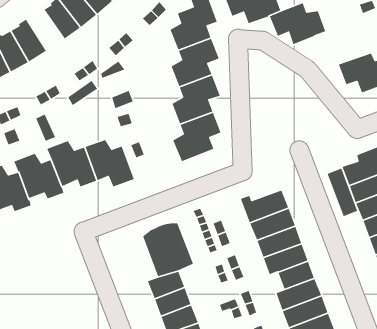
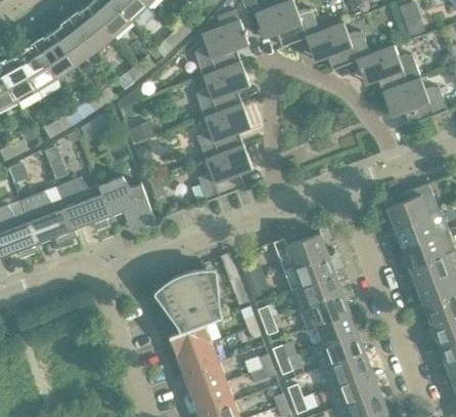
building: none -> [34,31,77,78]
building: none -> [356,45,420,92]
building: [327,168,358,217] -> none

